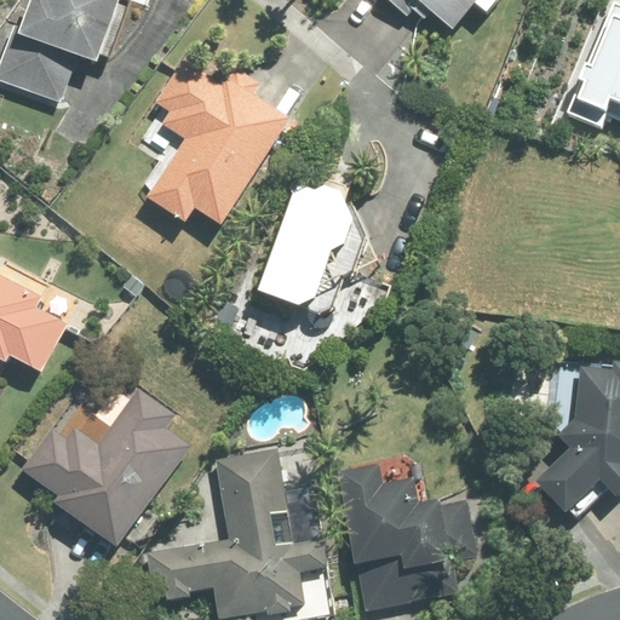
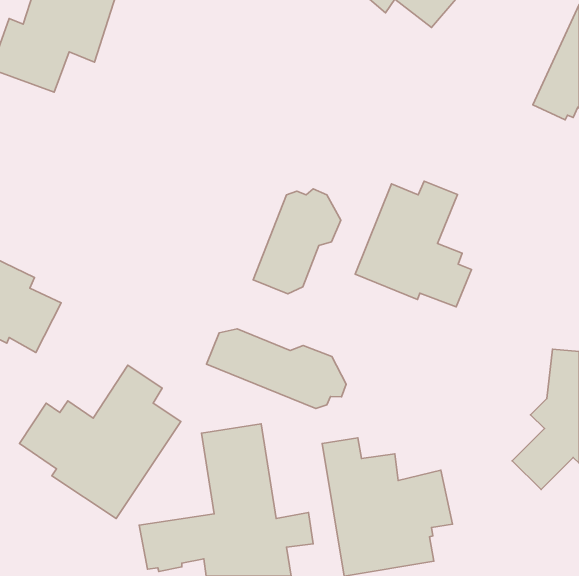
building: [145,54,293,226] -> none
building: none -> [355,181,471,307]
building: none -> [206,329,346,408]

